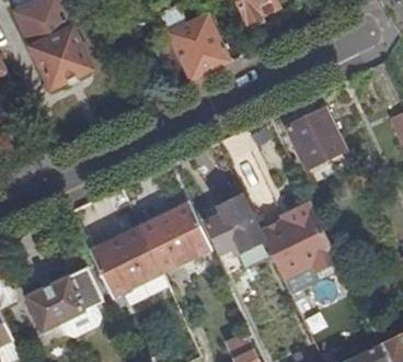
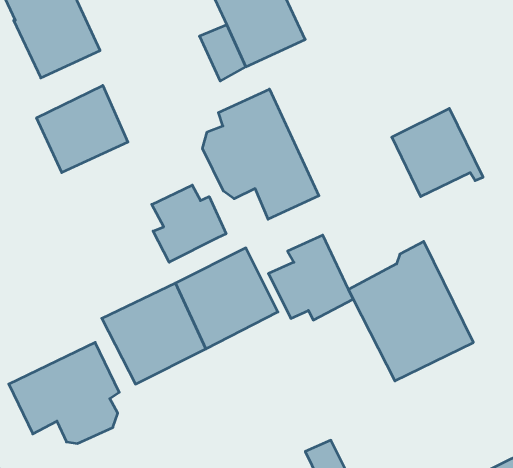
building: none -> [37,85,128,173]
building: none -> [203,89,319,219]
building: none -> [152,185,226,262]

